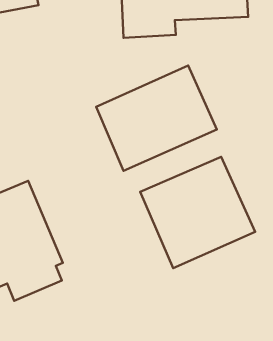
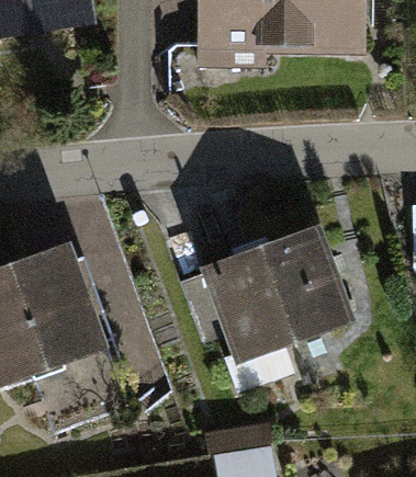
building: [96,66,217,171] -> none

